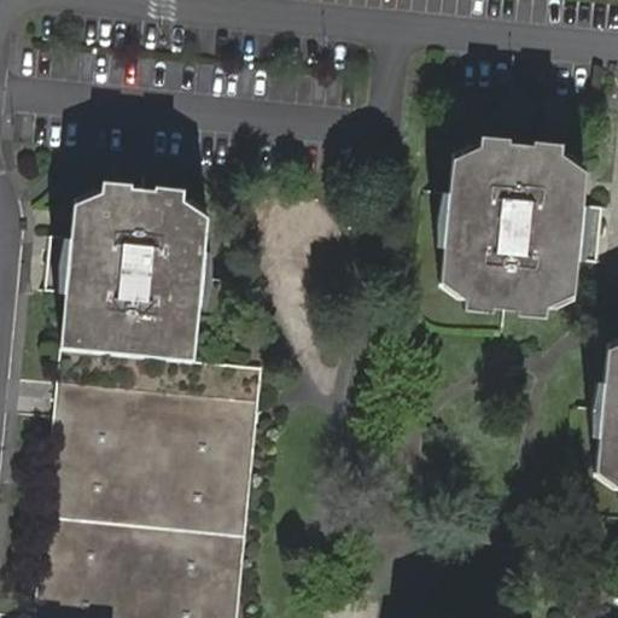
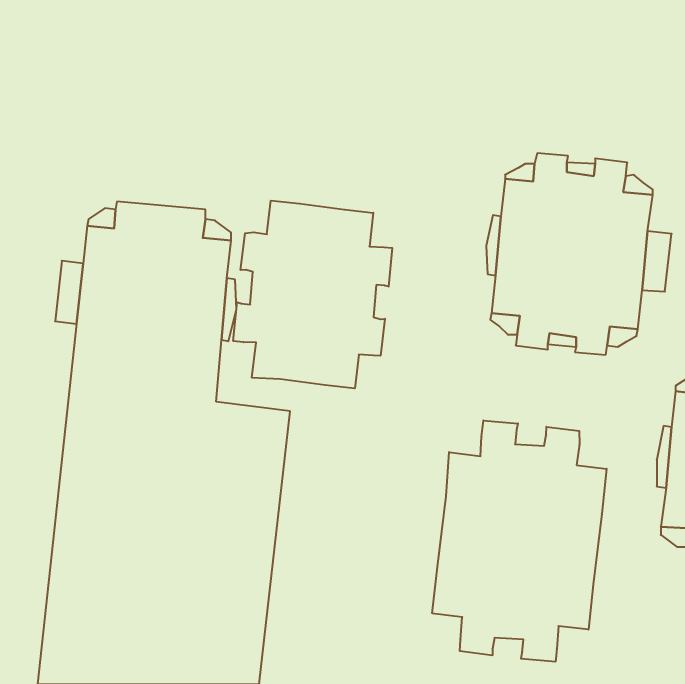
building: none -> [233,201,392,388]
building: none -> [432,420,607,662]

